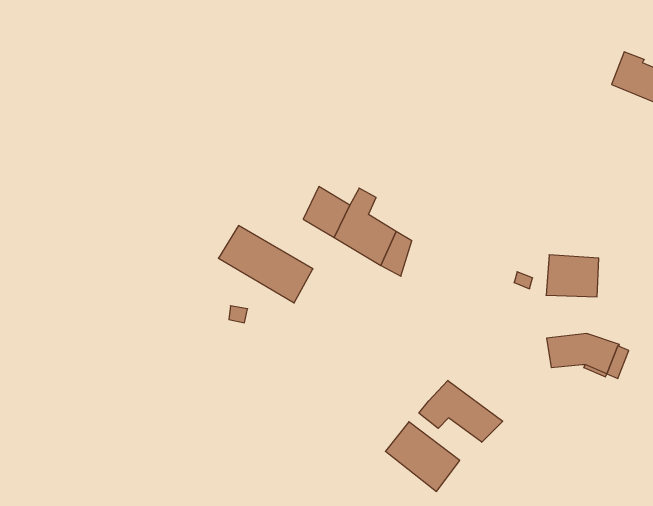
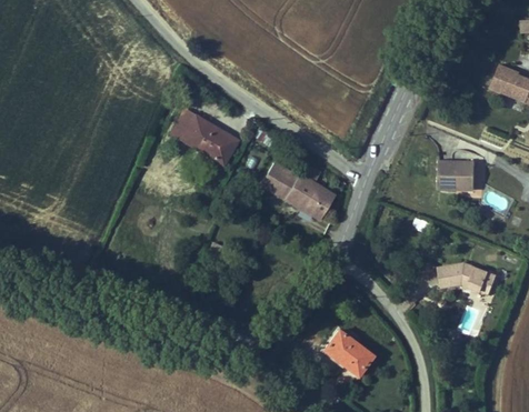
building: [218,226,313,303] -> [172,103,240,159]
building: [546,255,599,297] -> [438,162,476,192]
building: [419,380,503,442] -> none

